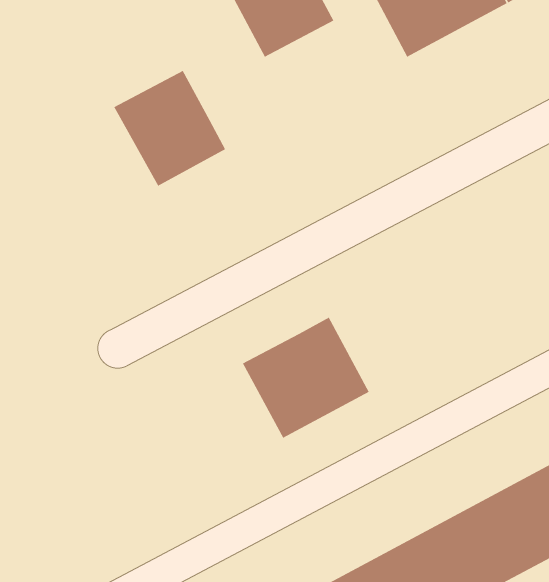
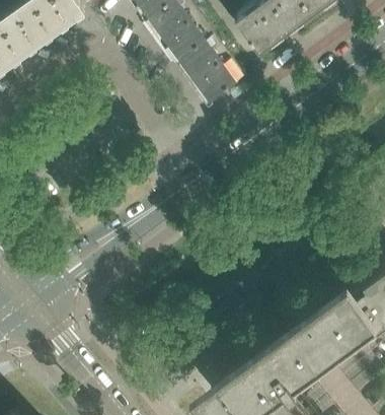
building: [113,70,226,187] -> [180,42,247,110]
building: [242,317,370,439] -> none

